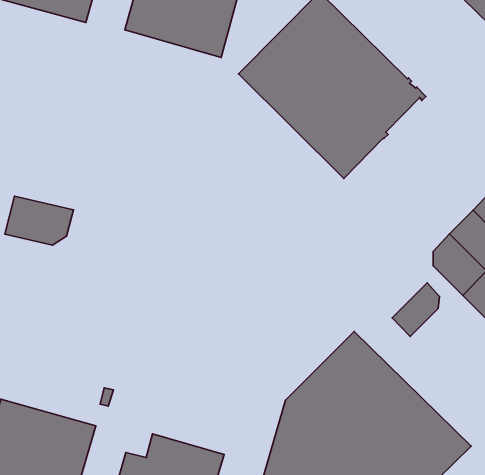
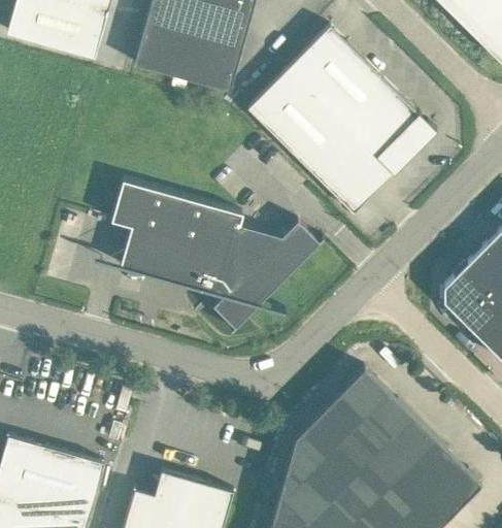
building: none -> [111,180,323,332]
building: [5,196,73,245] -> none
building: [392,283,439,337] -> none

